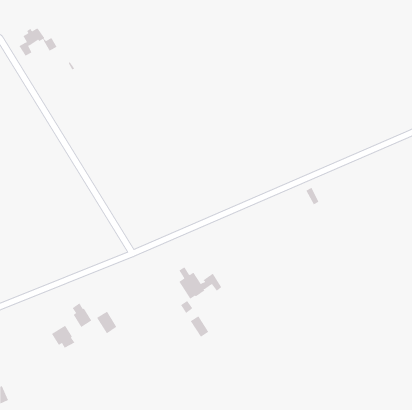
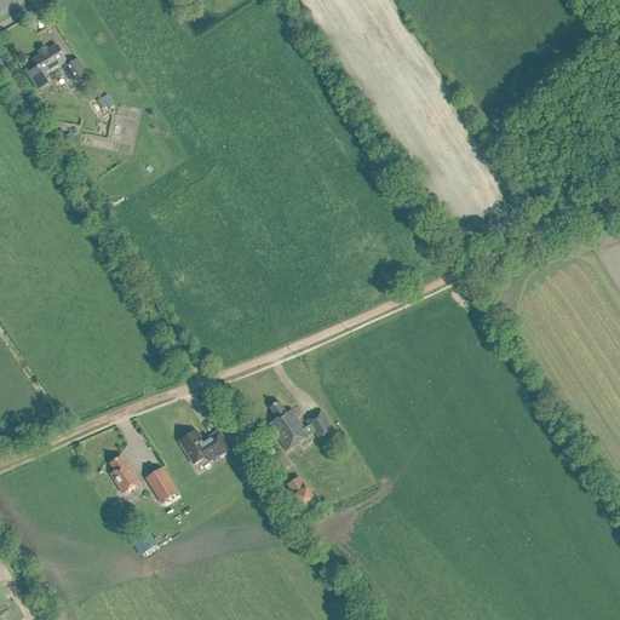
building: none -> [177,429,228,463]
building: [51,325,75,349] -> none

